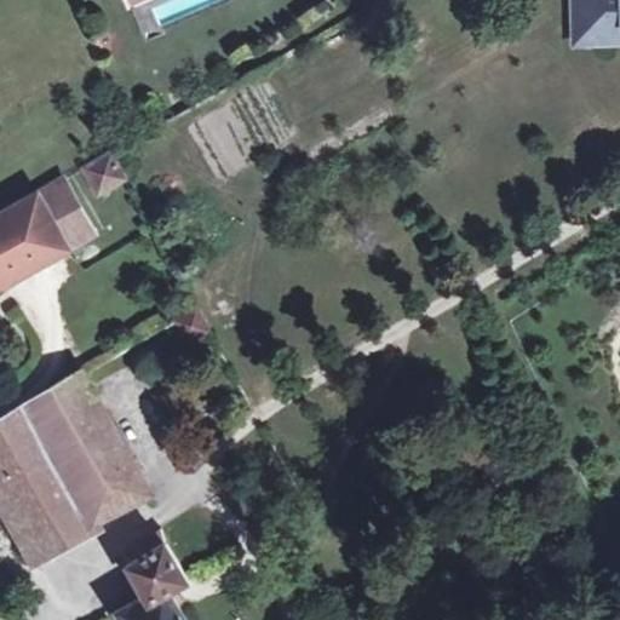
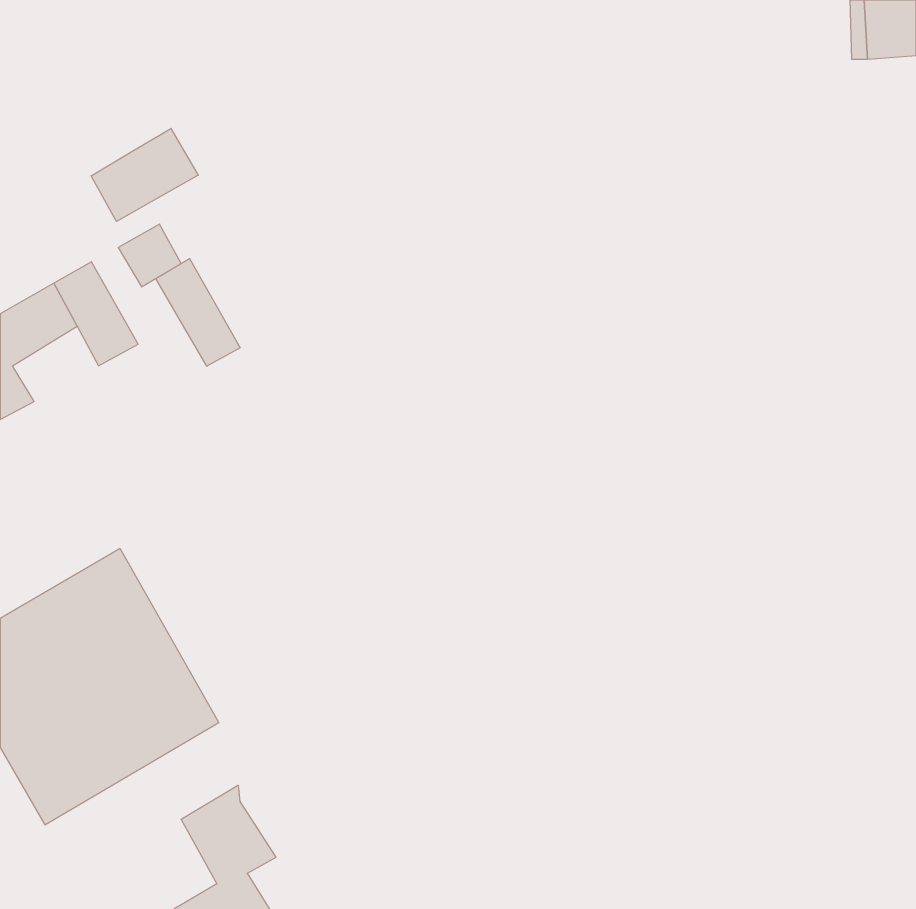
building: none -> [91,128,198,221]
building: none -> [156,259,240,366]
building: [8,225,67,276] -> none

